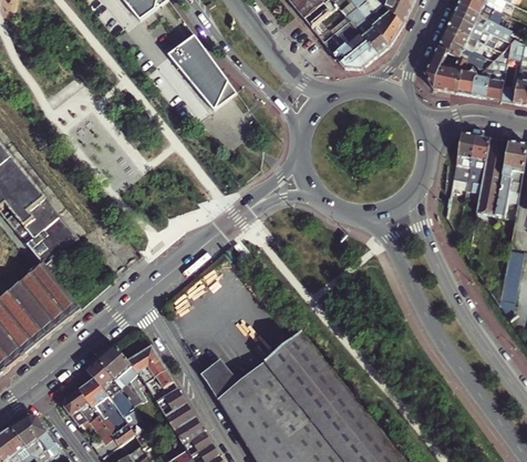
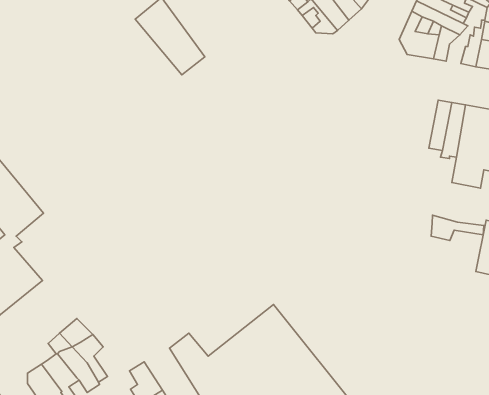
building: [469,54,504,97] -> none
building: none -> [431,215,484,241]
building: [127,345,173,387] -> none

